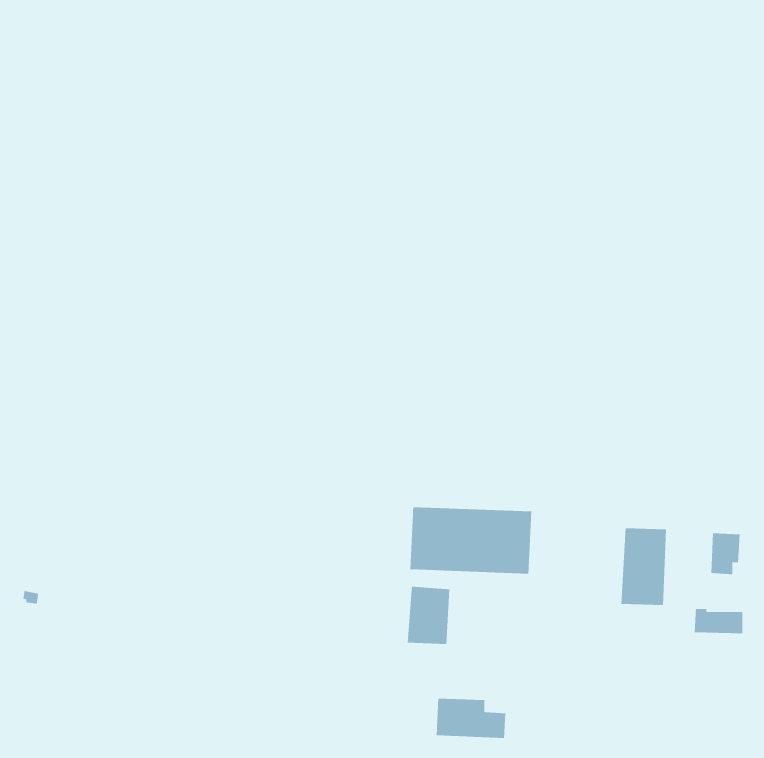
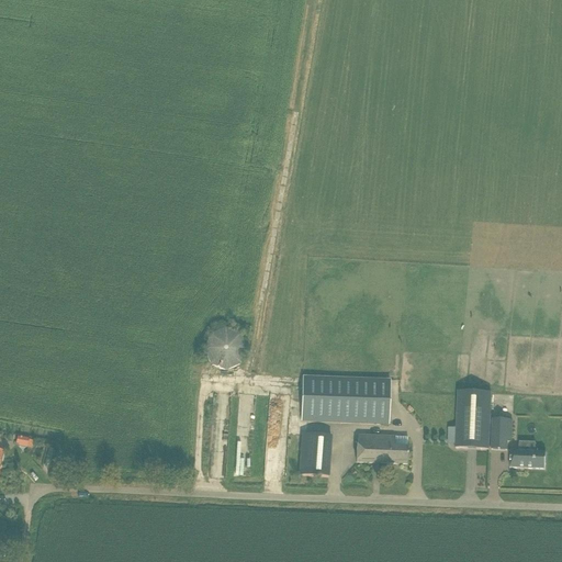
building: none -> [204,325,247,369]
building: [711,533,740,575] -> [491,416,513,447]
building: [436,698,506,739] -> [357,431,408,461]

